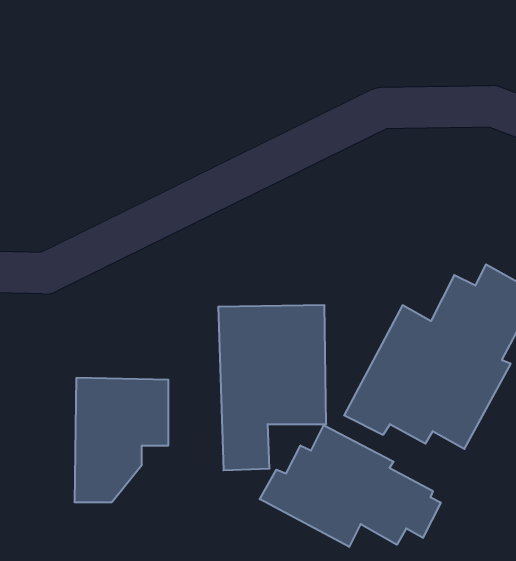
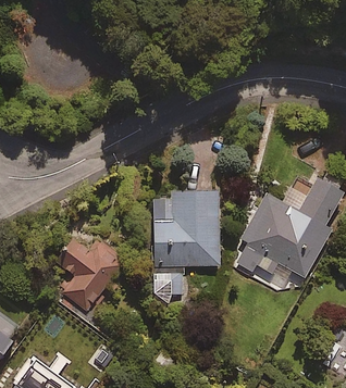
building: [260,425,441,547] -> none

